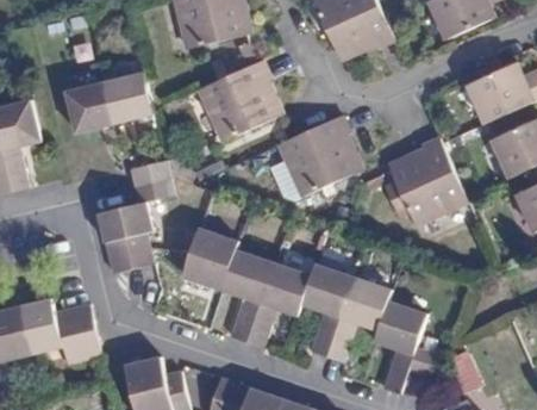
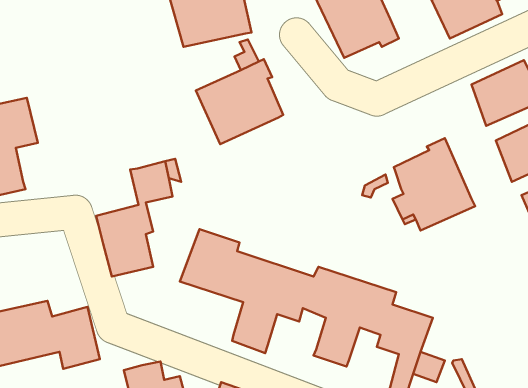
building: [65,69,155,132] -> none
building: [275,116,361,198] -> none

